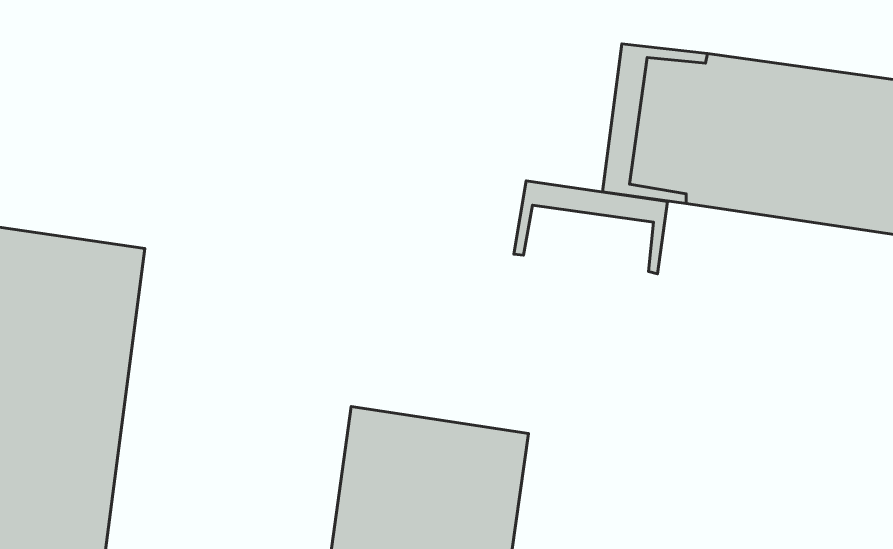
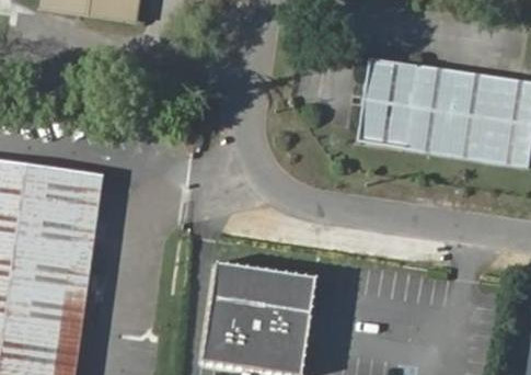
building: [514,181,668,274] -> none

